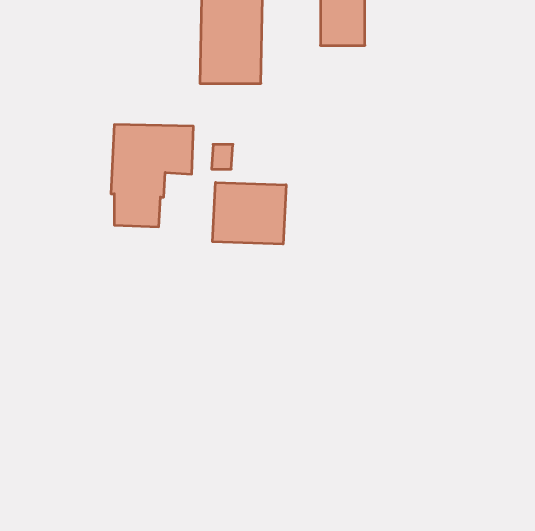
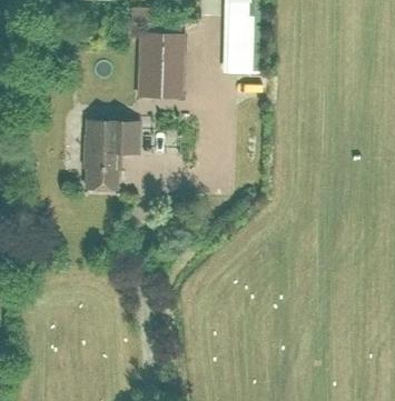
building: [213,182,286,244] -> none

